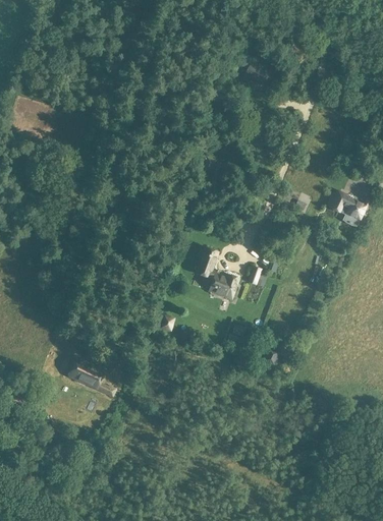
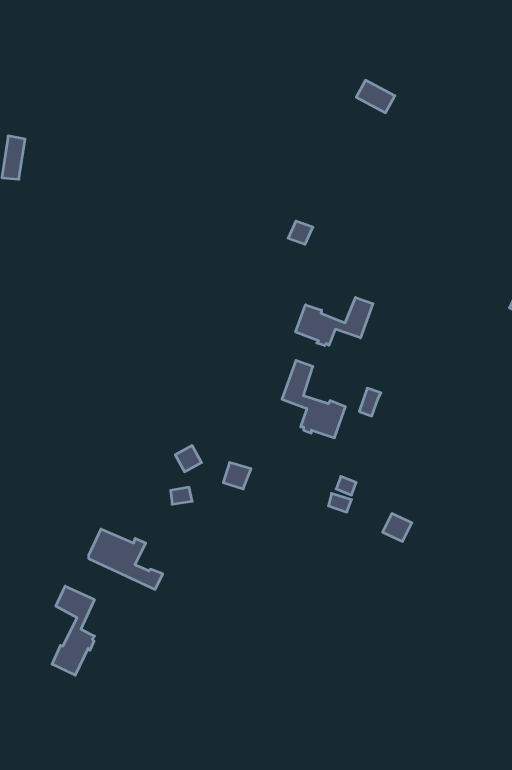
building: none -> [296,297,373,346]
building: none -> [52,586,95,675]

